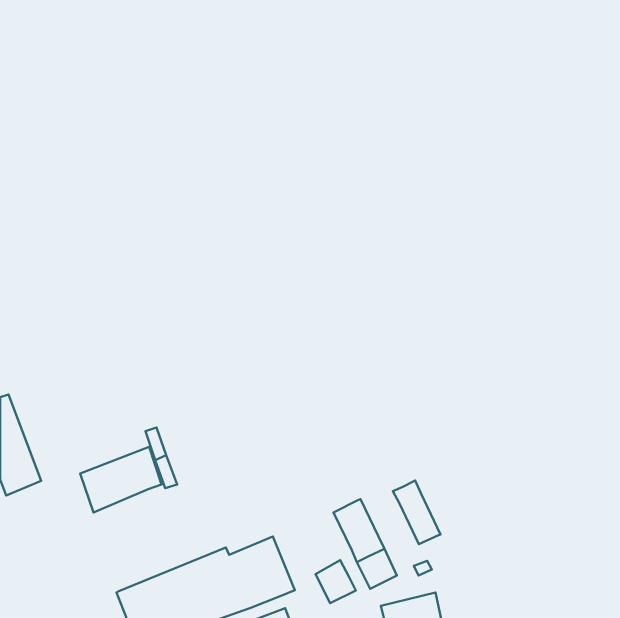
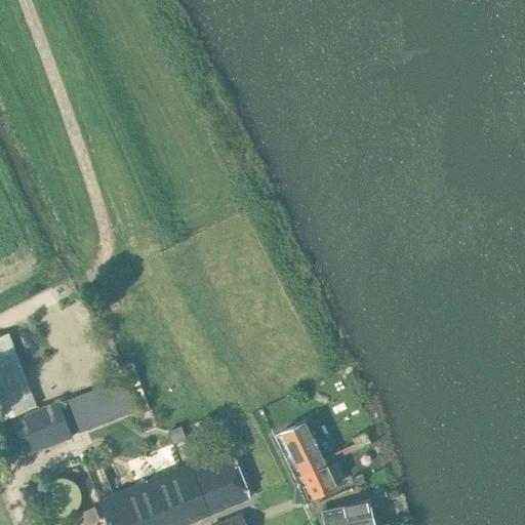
building: none -> [11,403,72,457]
building: [393,481,441,544] -> none
building: [315,560,356,603] -> none

